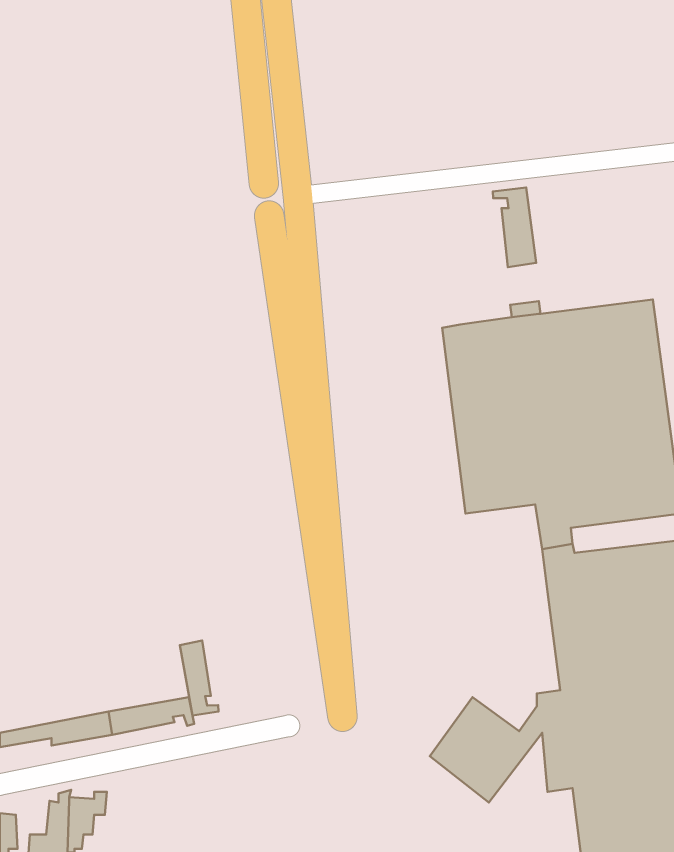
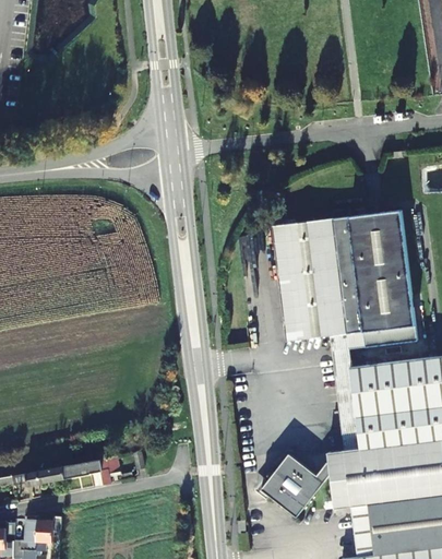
building: [493,188,536,267] -> none
building: [180,641,219,716] -> none

